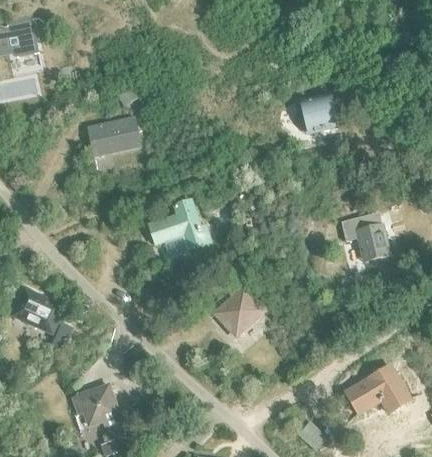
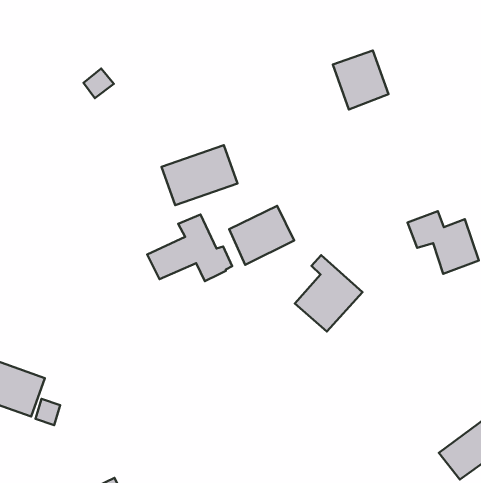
building: [87,117,141,157] -> [161,145,237,205]
building: none -> [229,206,294,265]
building: [215,280,265,336] -> [295,255,362,332]

